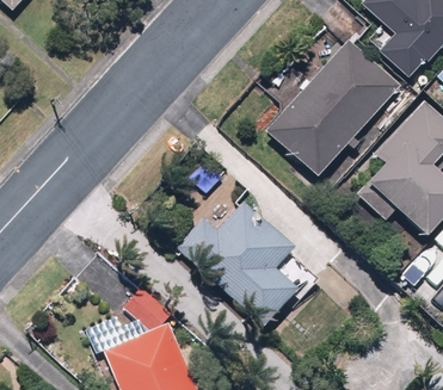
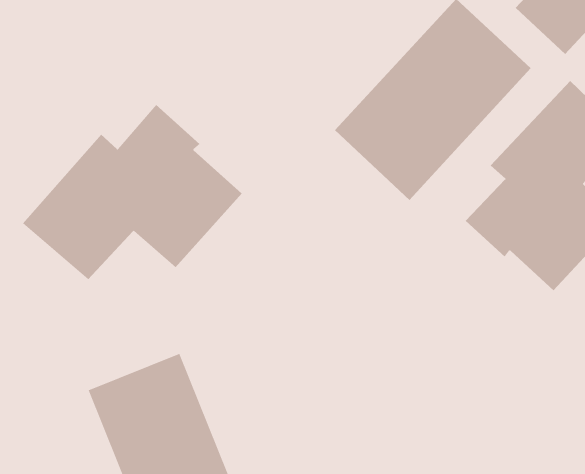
building: none -> [22,104,242,280]
building: [174,198,321,324] -> none

